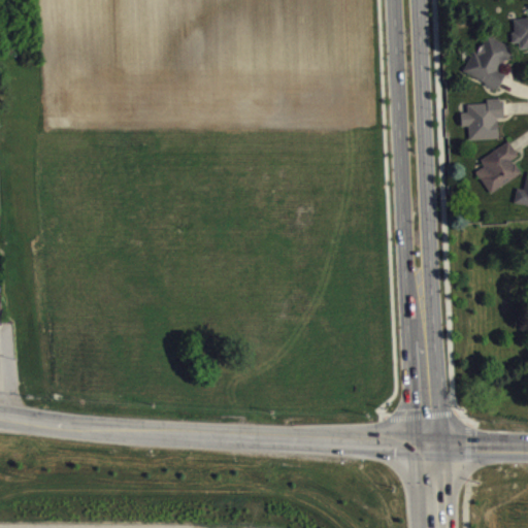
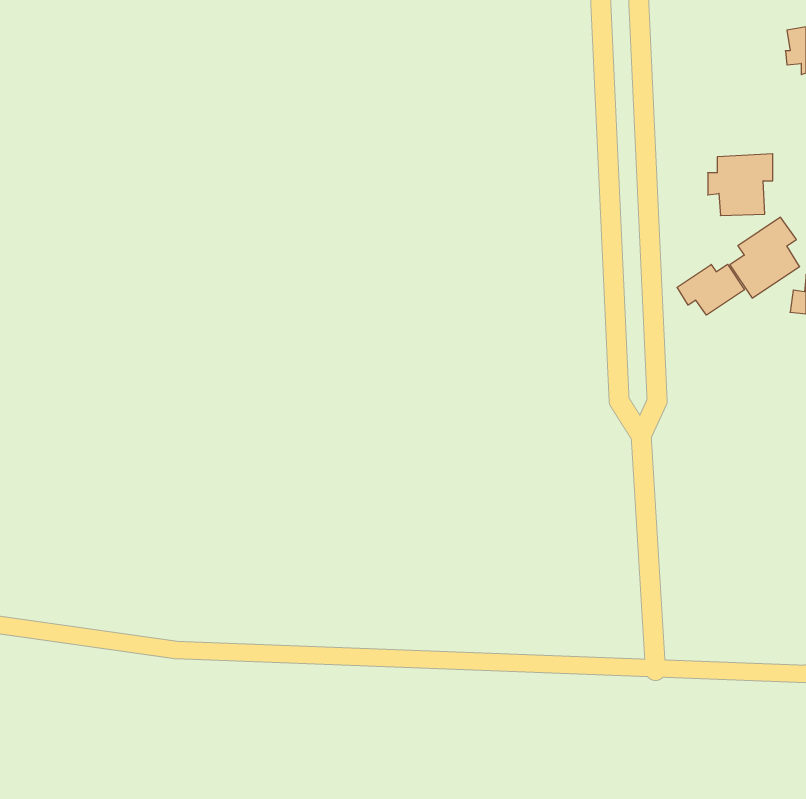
building: [466,34,513,89] -> none
building: none -> [677,264,744,315]

